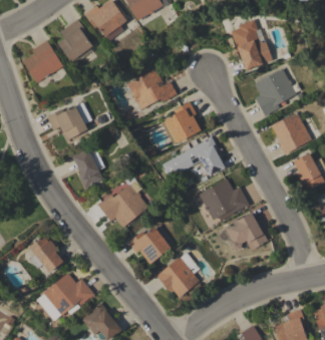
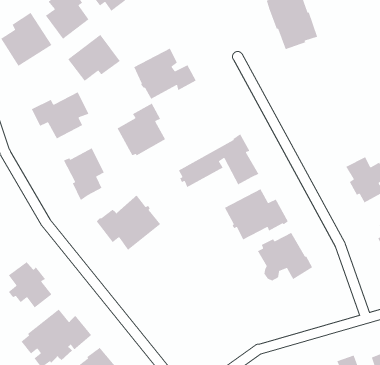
building: none -> [67,34,121,82]
building: [254,68,296,116] -> none
building: [161,101,201,143] -> [116,102,166,156]
building: [271,111,311,154] -> none
building: [127,226,171,264] -> none
building: [155,252,200,298] -> none

